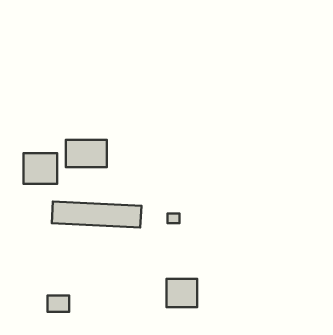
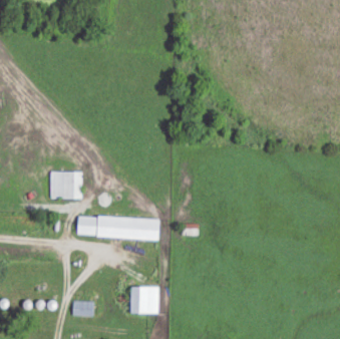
building: [66,140,107,167] -> none
building: [166,279,197,307] -> [129,287,157,313]

